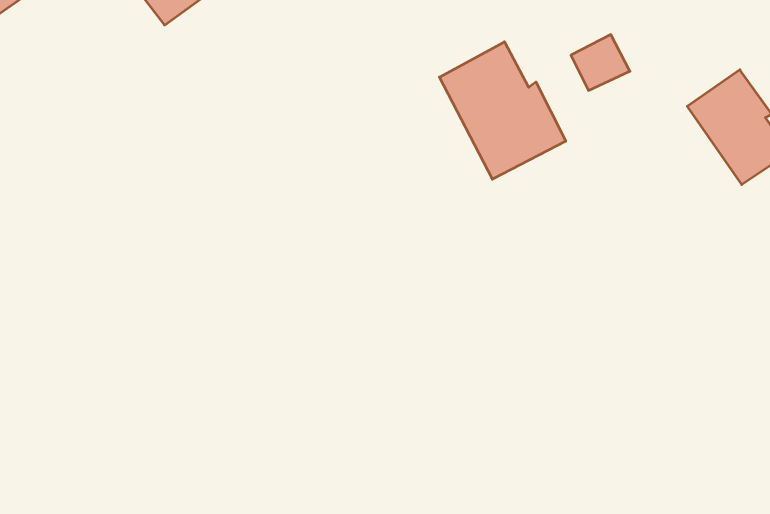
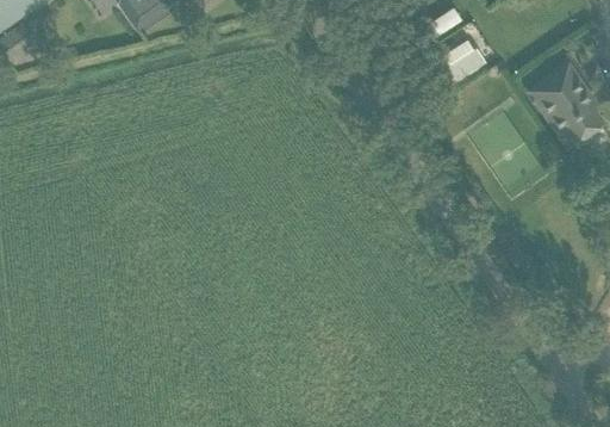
building: [439,42,566,179] -> none

